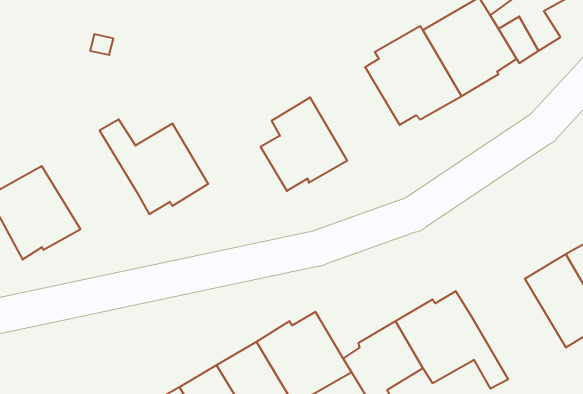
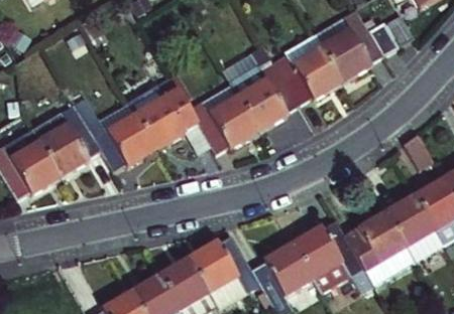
building: none -> [231,56,298,125]
building: none -> [131,73,196,142]
building: none -> [35,103,105,175]
building: none -> [350,211,420,285]

